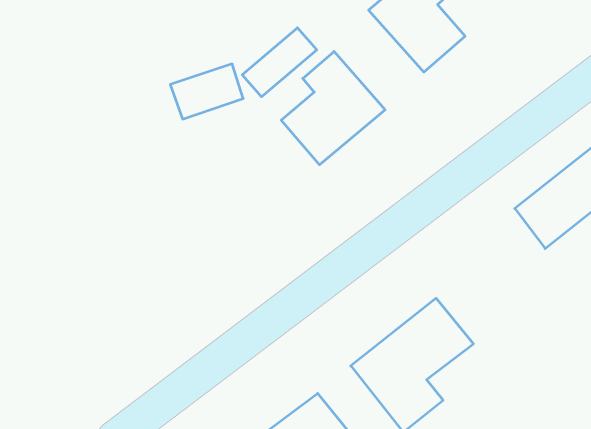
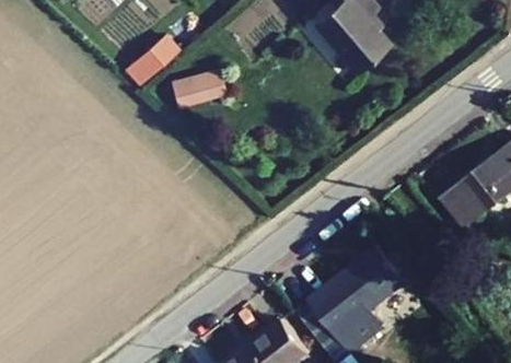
building: [242,28,317,97] -> [120,33,179,87]
building: [281,51,385,165] -> none

